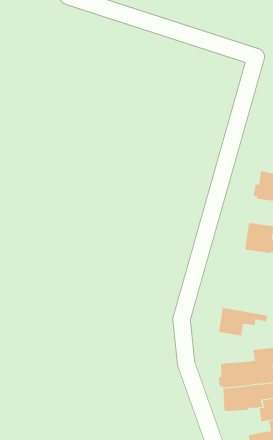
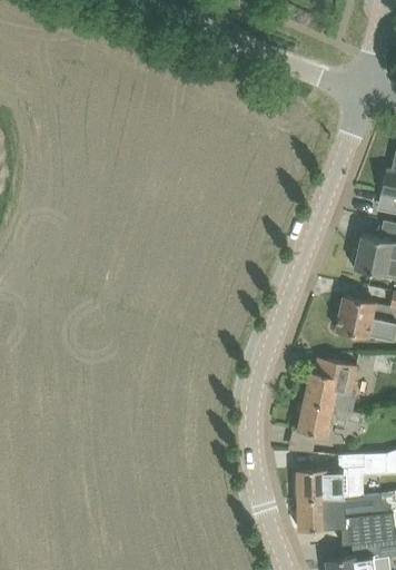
building: none -> [304,360,360,414]

